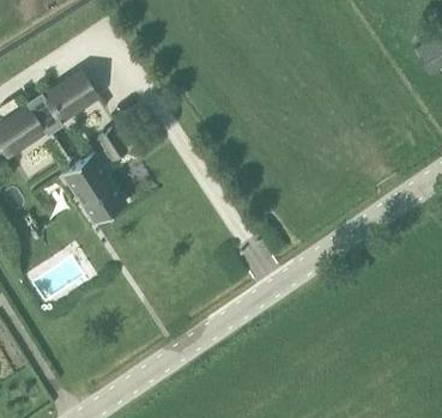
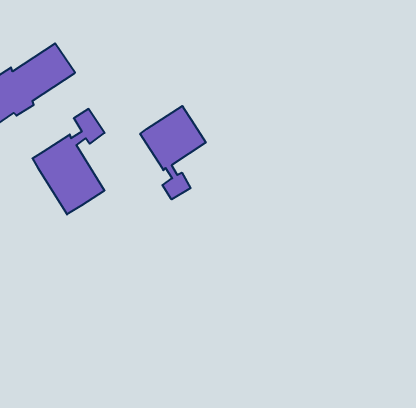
building: none -> [140,106,206,199]

